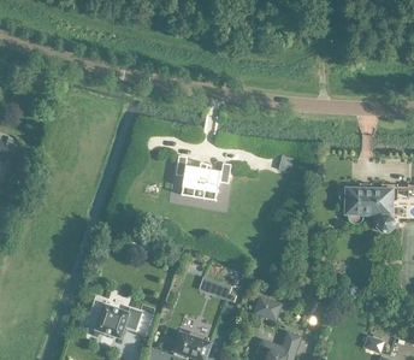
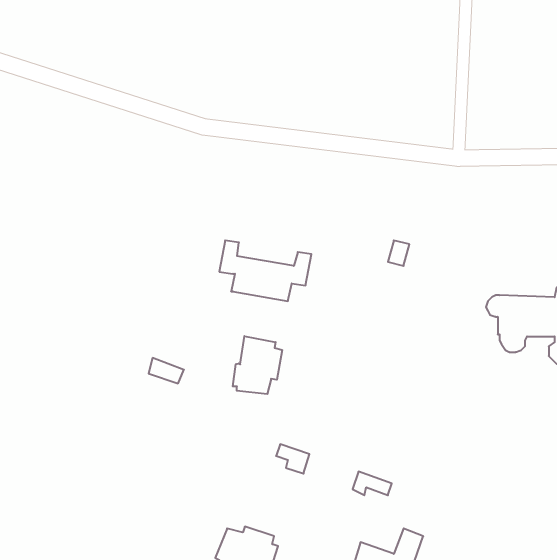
building: none -> [233,336,282,394]
building: [89,295,141,337] -> none

